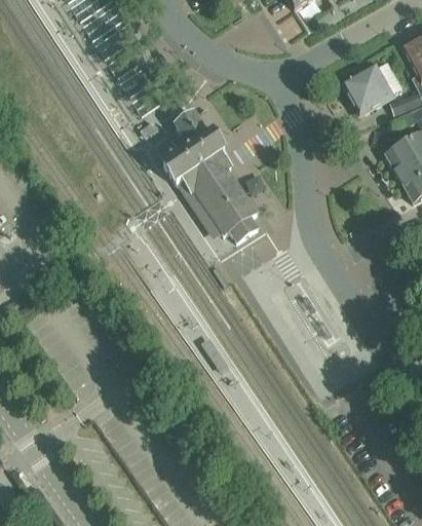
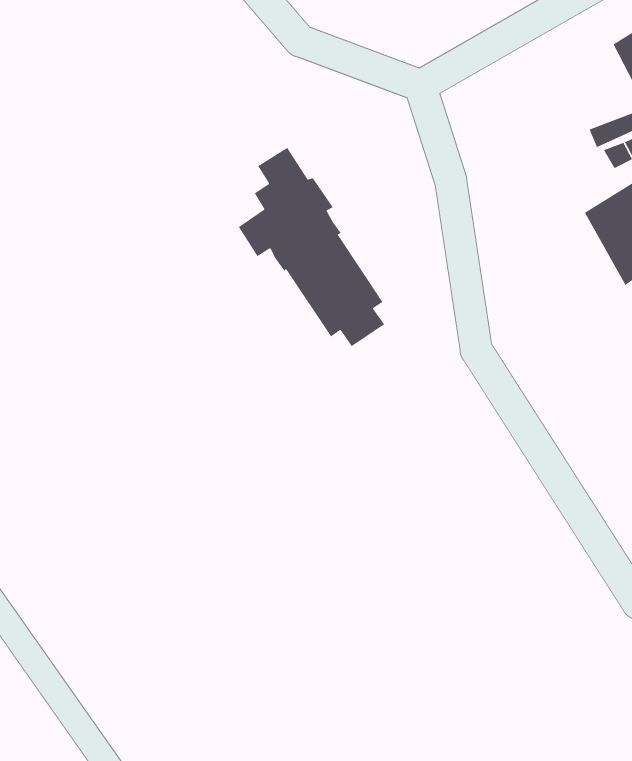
building: [344,64,392,111] -> none

